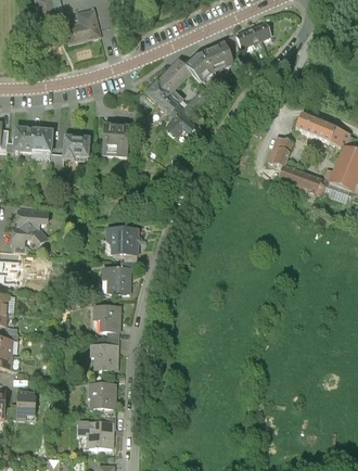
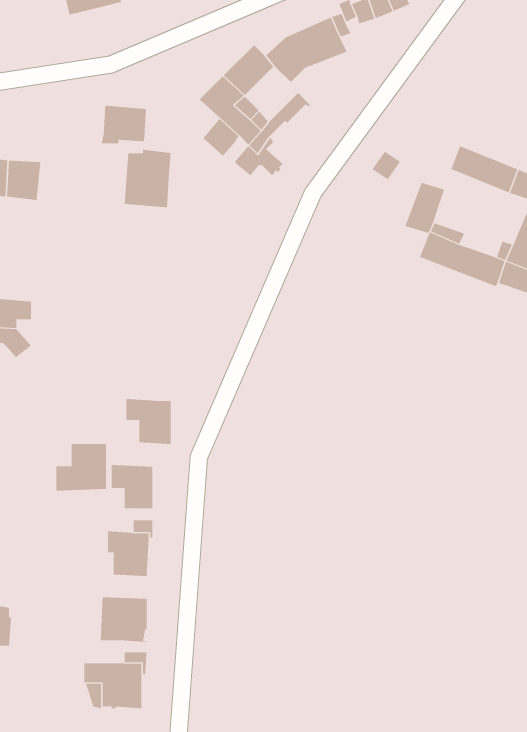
building: [62,132,89,155] -> [101,105,147,144]
building: [105,228,141,255] -> none
building: none -> [56,443,107,492]

